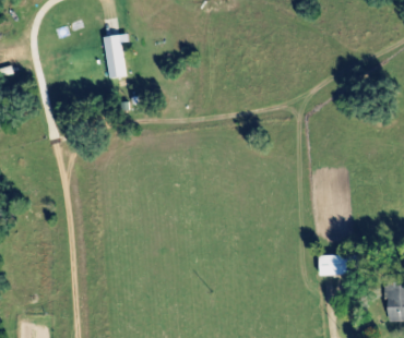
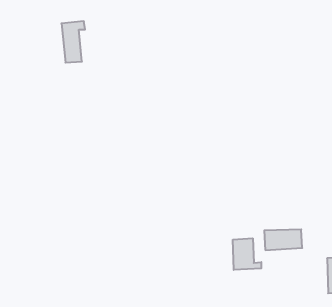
building: none -> [233,238,261,270]

